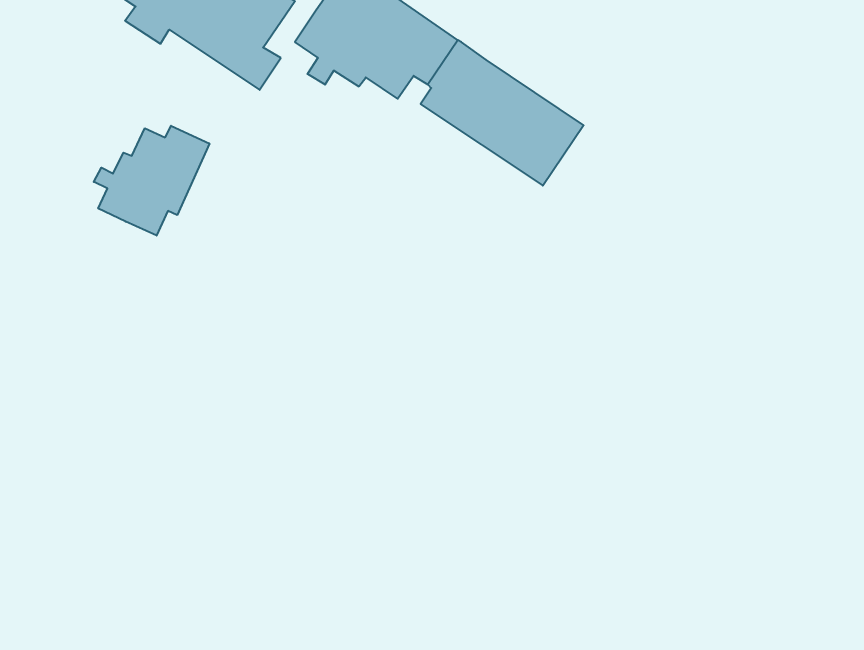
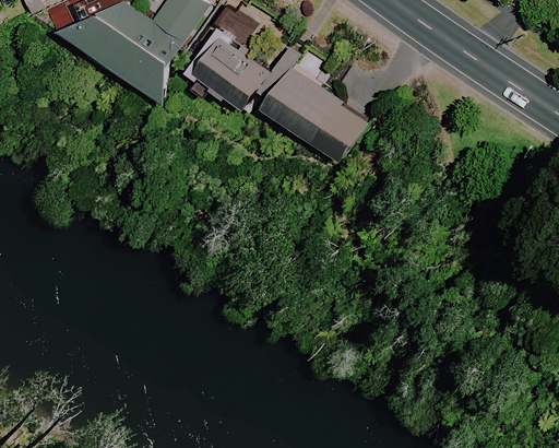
building: [94,126,209,236] -> none

